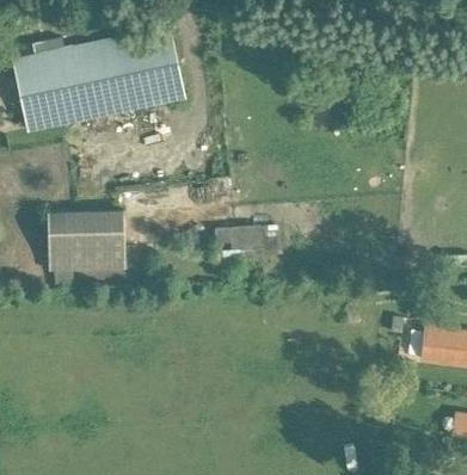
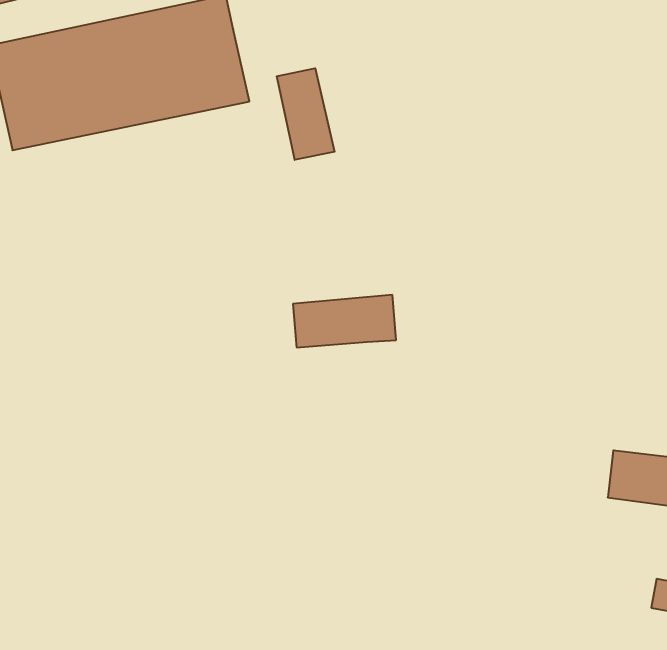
building: none -> [277,68,335,160]
building: [47,211,124,271] -> none

